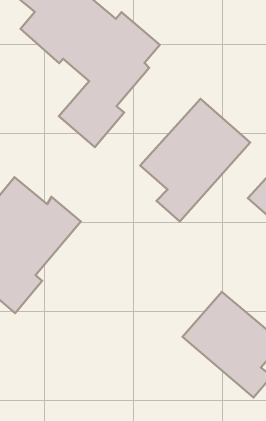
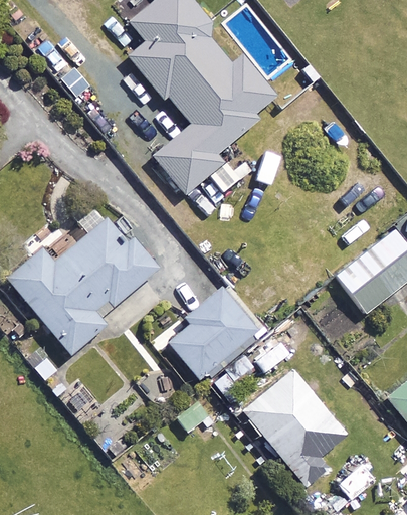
building: [140,99,250,222] -> none
building: none -> [170,284,264,384]

